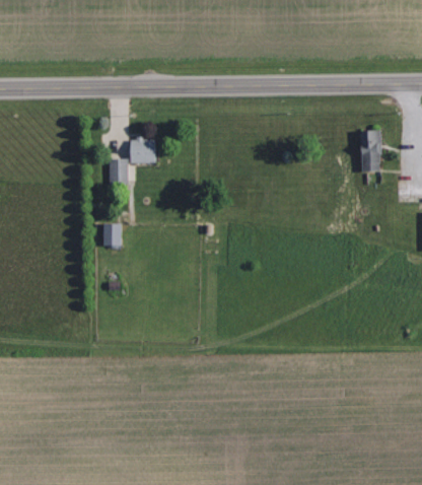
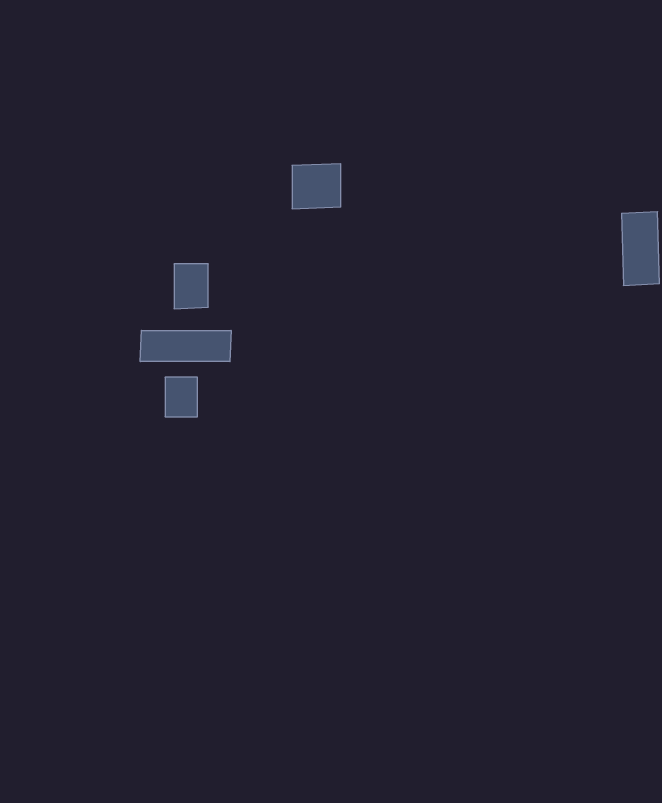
building: [129,138,156,163] -> [292,164,341,209]
building: none -> [140,330,231,362]

